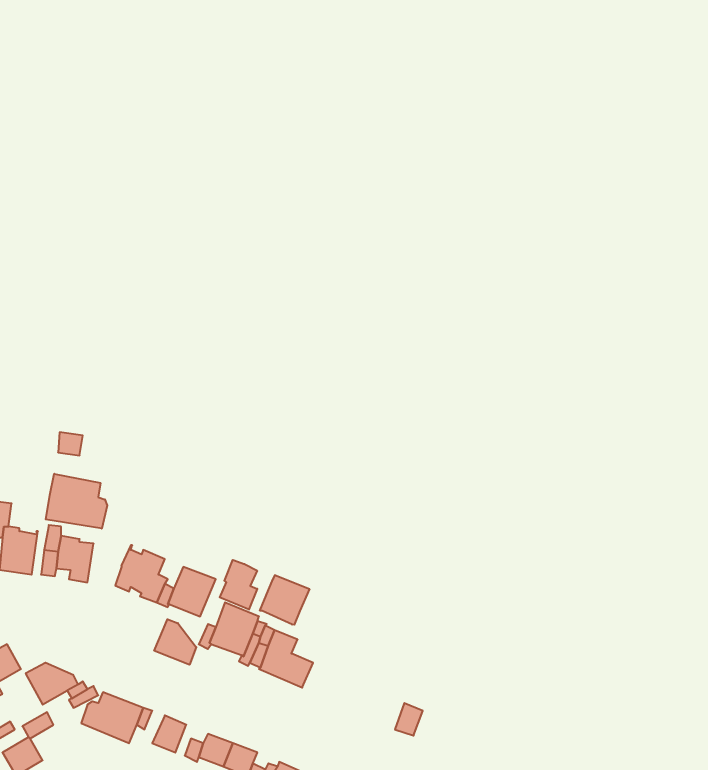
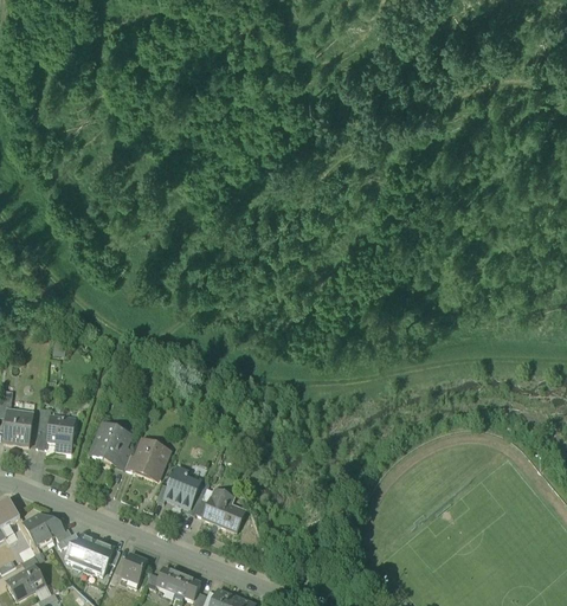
building: [46,474,107,529] -> none
building: [220,560,257,610] -> none
building: [260,575,309,625] -> none
building: [154,619,196,665] -> none

